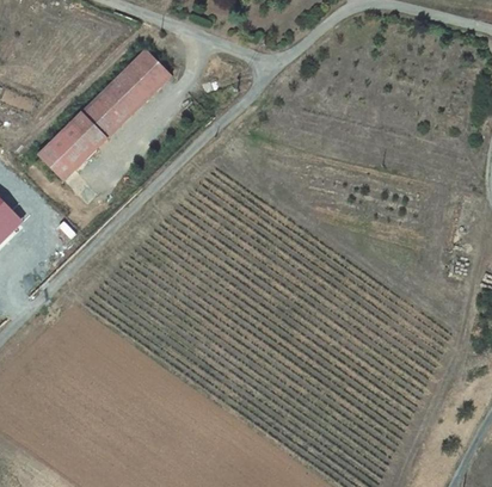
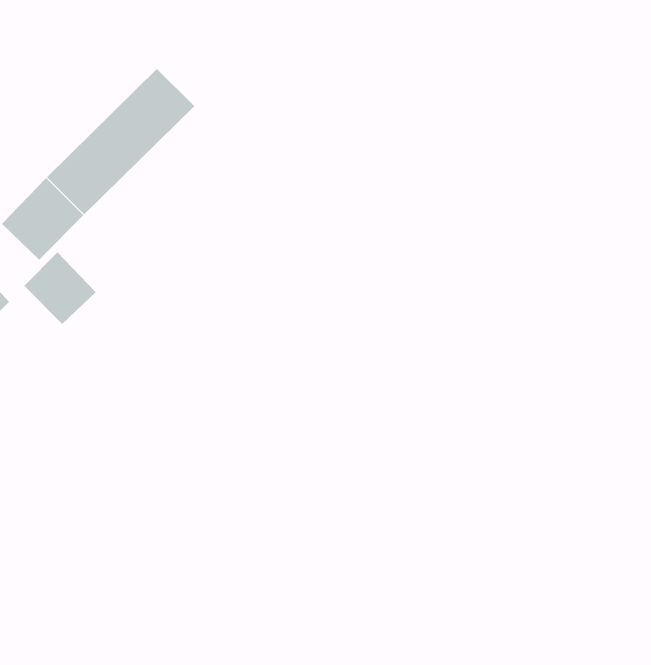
building: none -> [23,252,96,325]

